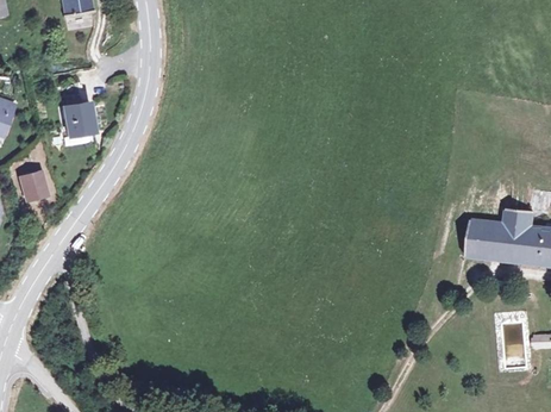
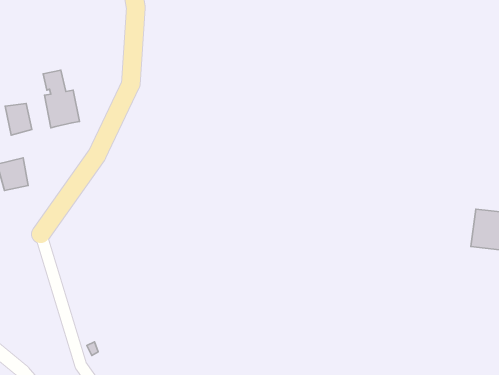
building: none -> [5,103,32,135]

